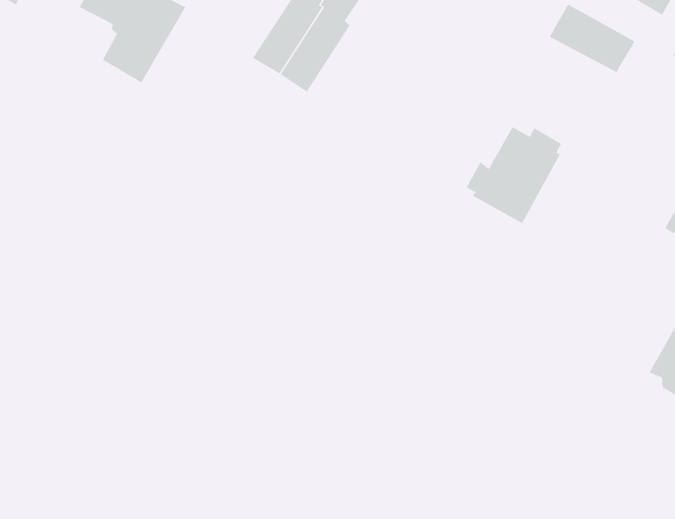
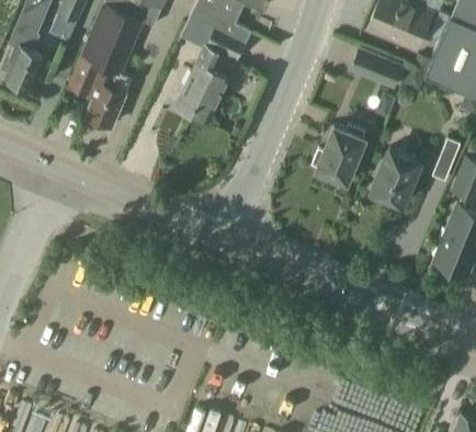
building: none -> [372,150,420,208]

